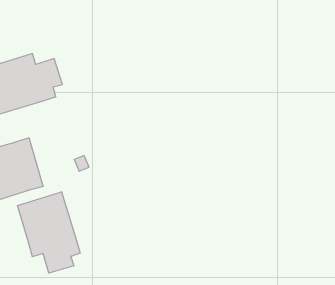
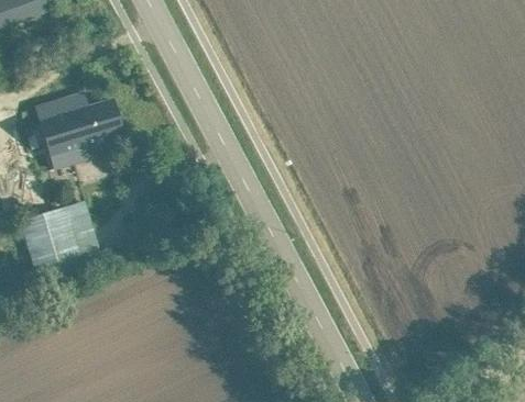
building: [18,192,80,273] -> none

